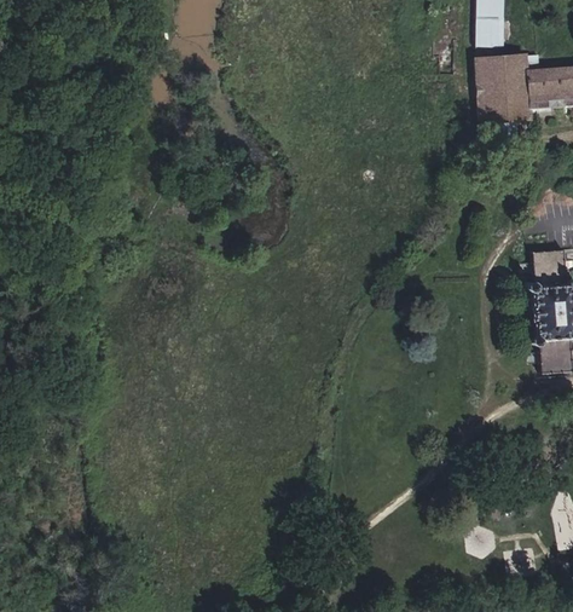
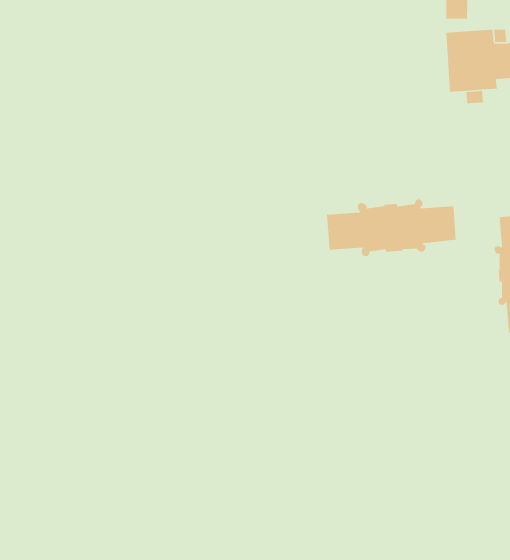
building: none -> [326,198,457,257]

